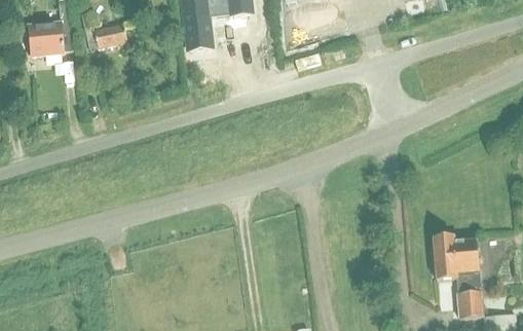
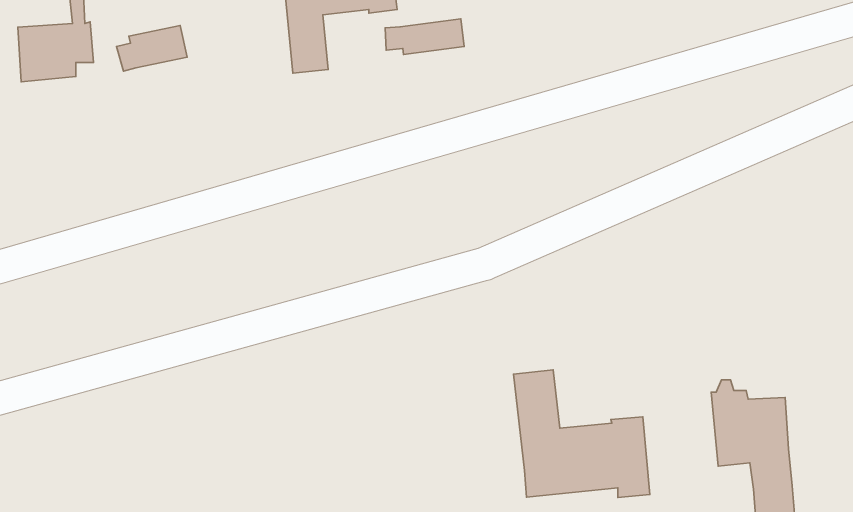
building: none -> [385,19,464,55]
building: none -> [513,370,650,497]

